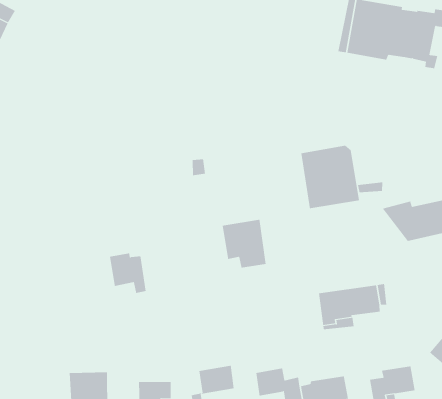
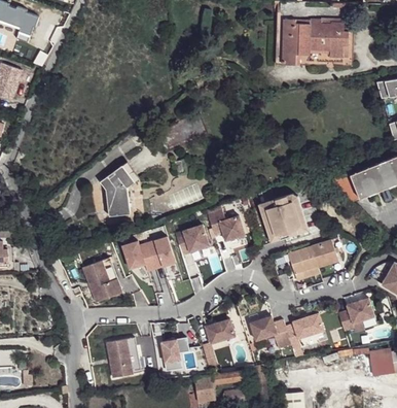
building: [300,145,360,209] -> [258,194,310,247]
building: none -> [101,164,138,217]
building: none -> [174,225,209,257]
building: none -> [147,237,176,271]
building: none -> [81,261,122,303]

